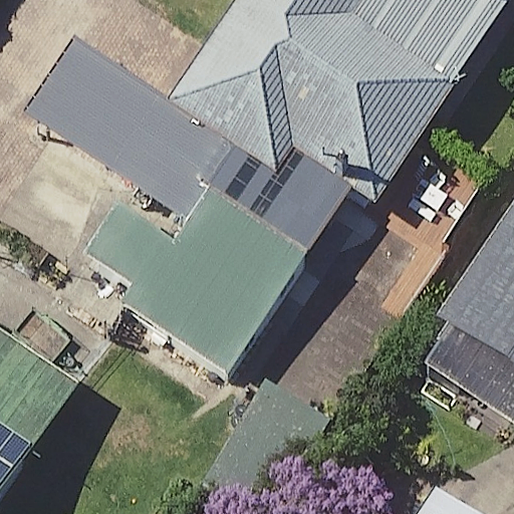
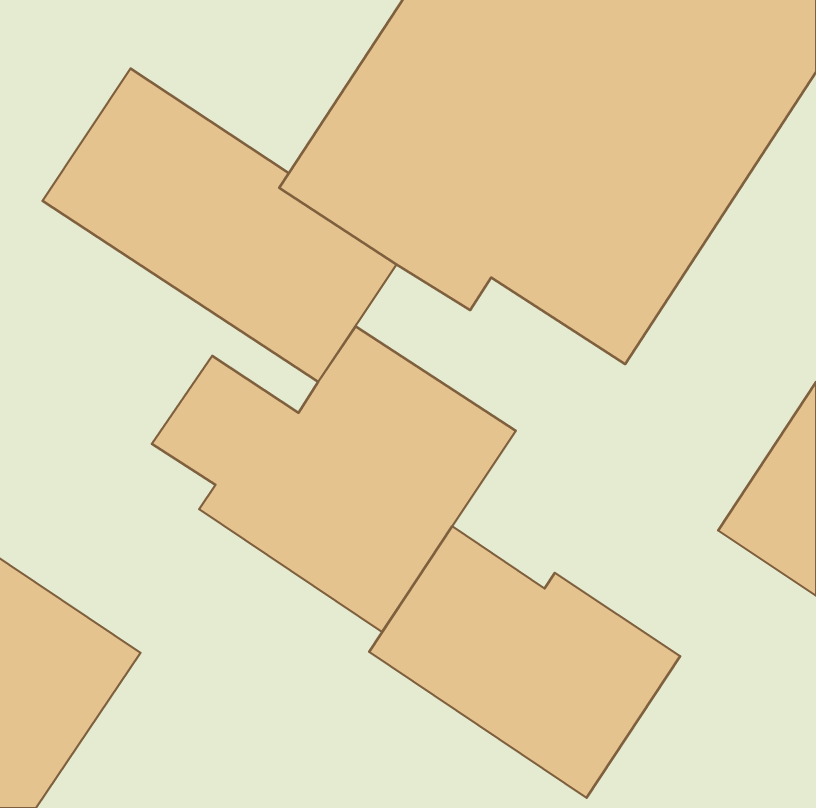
building: none -> [369,526,680,798]

